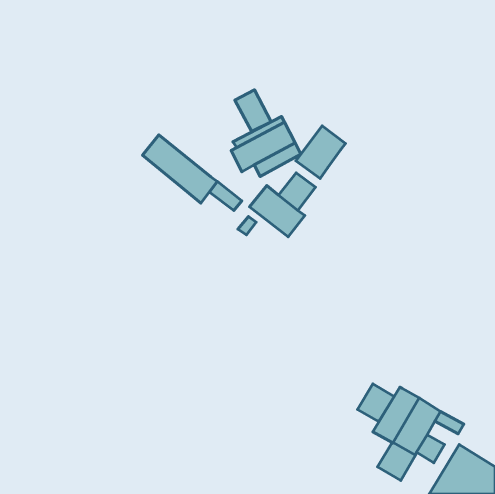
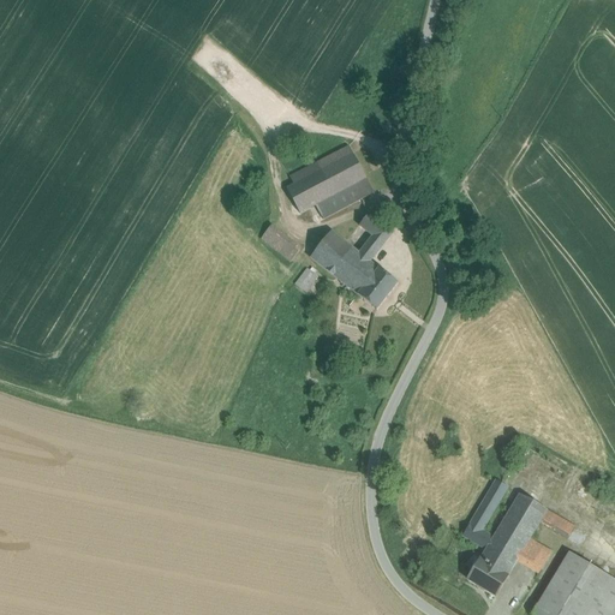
building: [235,90,271,131] -> none
building: [296,126,346,178] -> none
building: [143,135,217,203] -> none
building: none -> [357,267,396,309]
building: [357,384,394,422] -> none

